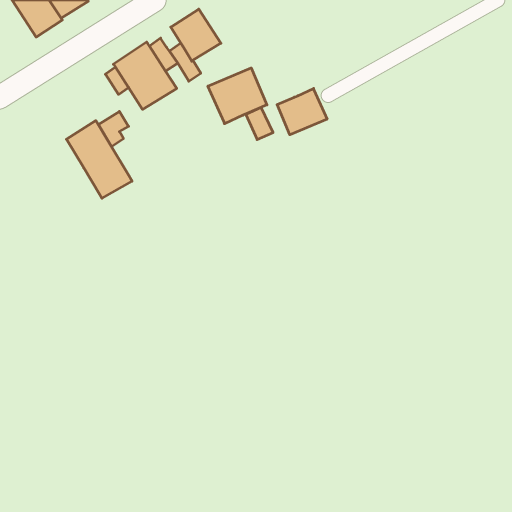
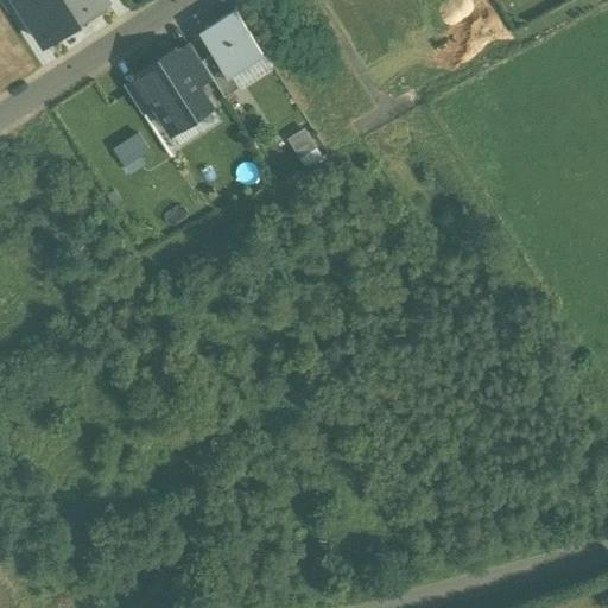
building: [208,68,267,124] -> none
building: [277,88,327,135] -> none
building: [66,121,132,198] -> none

